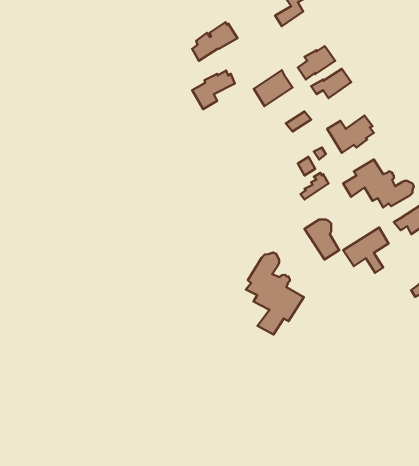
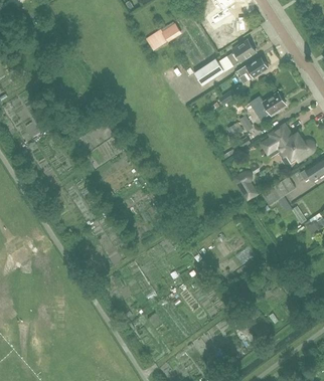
building: [192,71,235,109] -> none
building: [246,252,304,334] -> none

